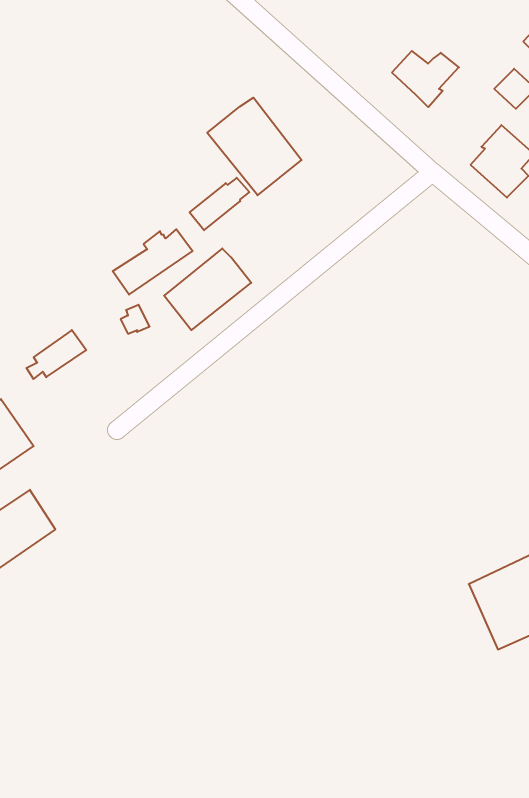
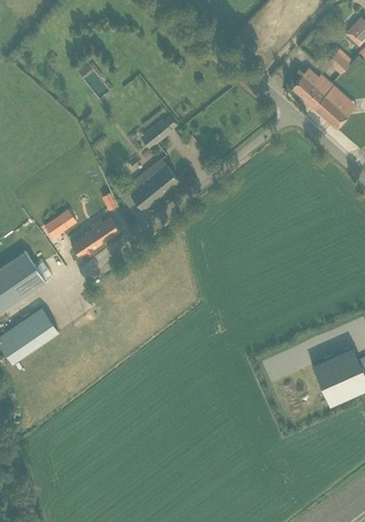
building: [392,51,459,107] -> [290,74,332,109]
building: [207,98,302,195] -> none
building: [113,229,193,295] -> [70,218,119,258]

